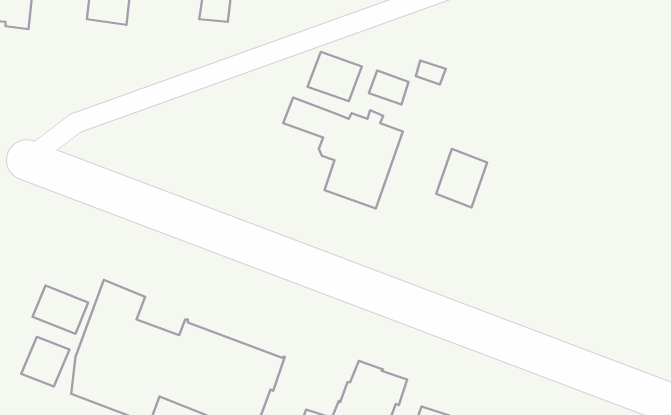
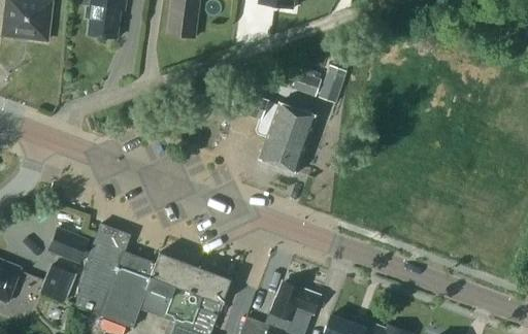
building: [308,52,362,101] -> none
building: [436,149,487,208] -> none

